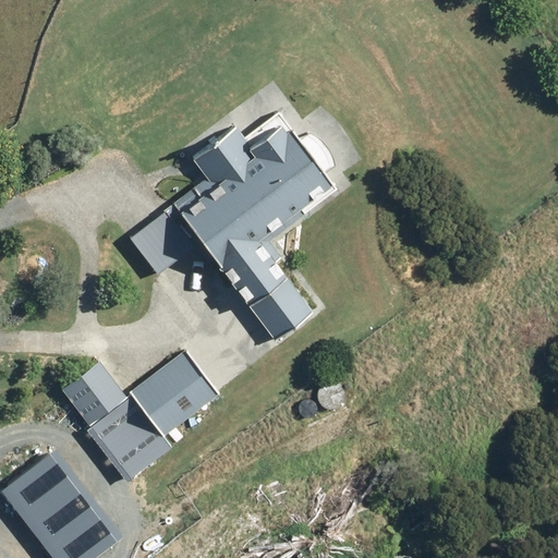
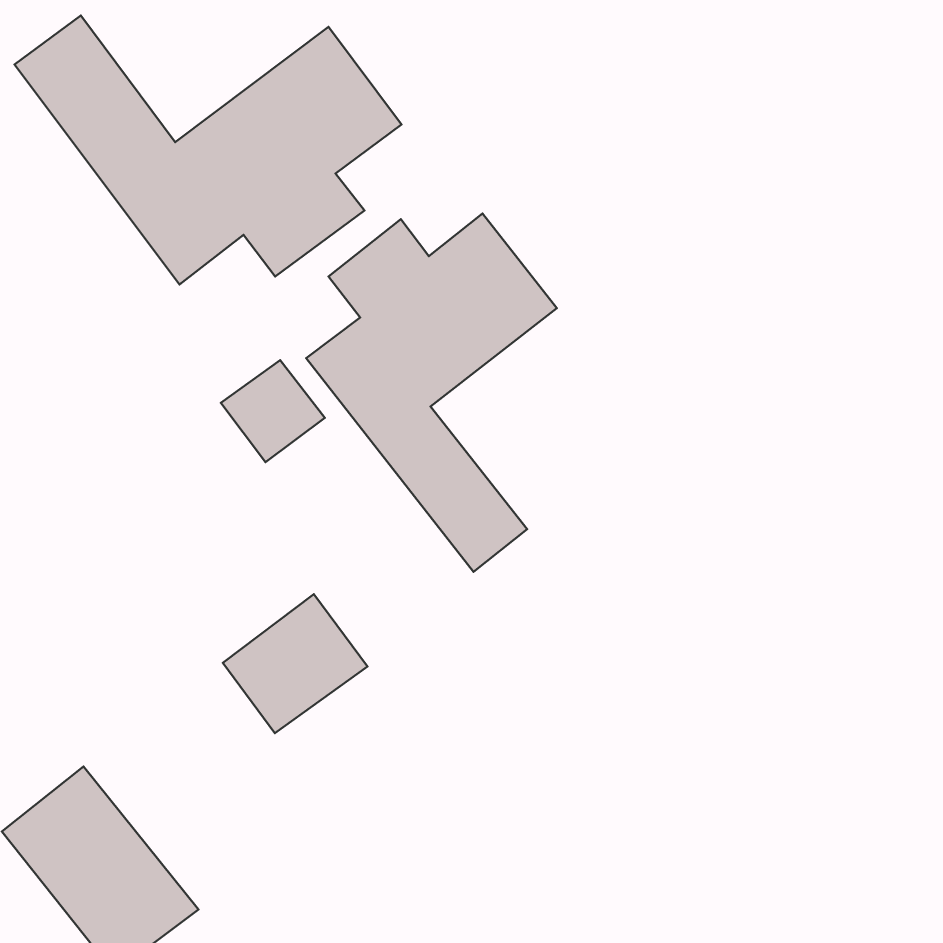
building: none -> [15,15,402,284]
building: [61,363,168,480] -> none

